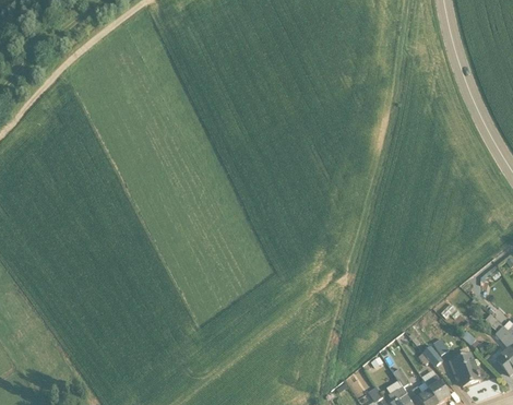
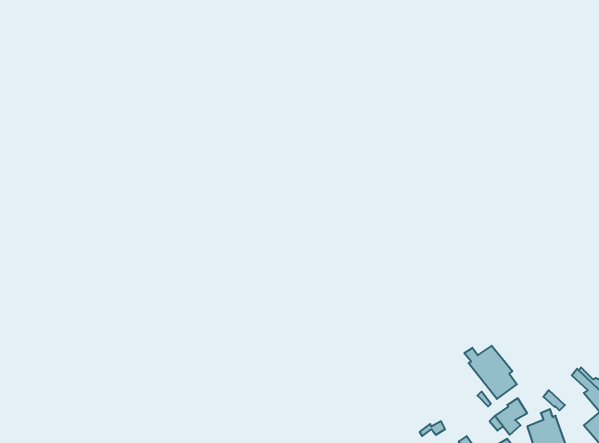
building: none -> [464,346,517,399]

